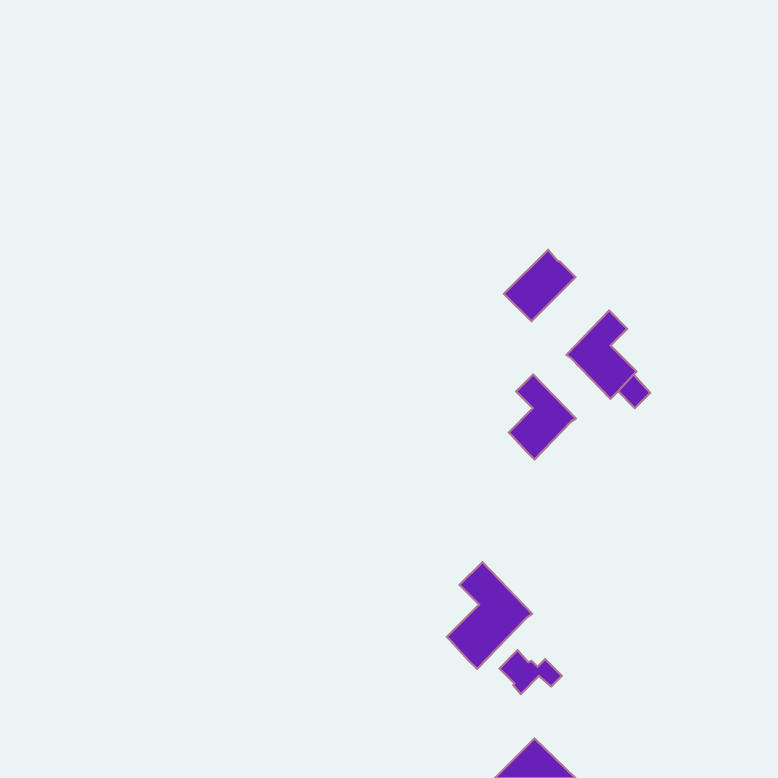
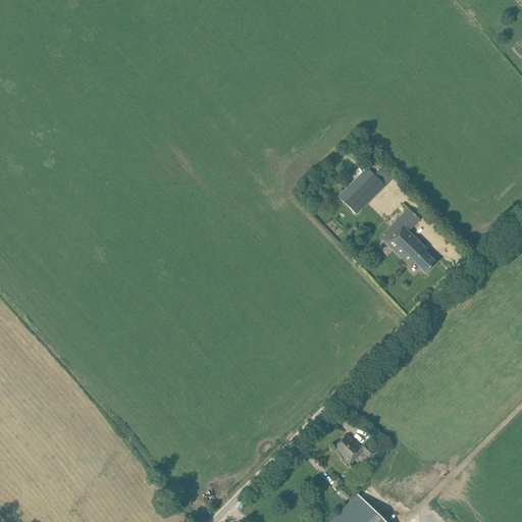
building: [509,375,576,460] -> none
building: [447,562,532,669] -> none

